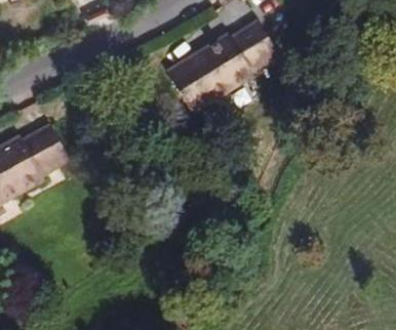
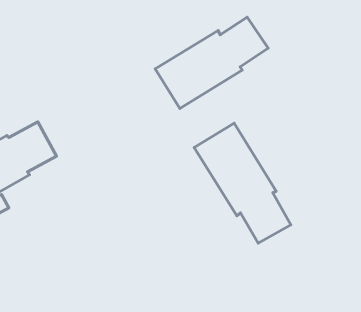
building: none -> [194,123,291,243]

